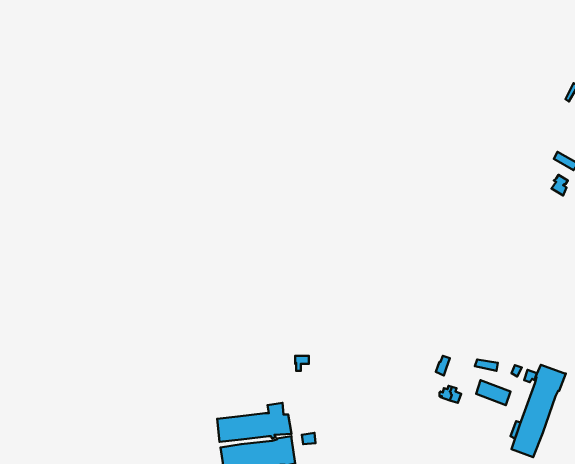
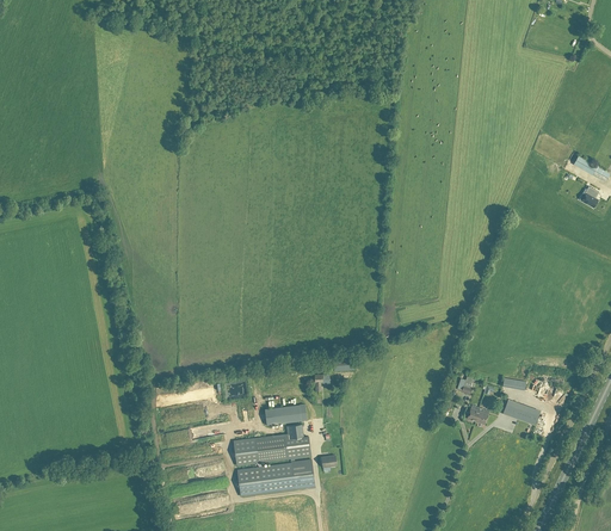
building: [511,365,566,457] -> none
building: none -> [264,403,306,425]

